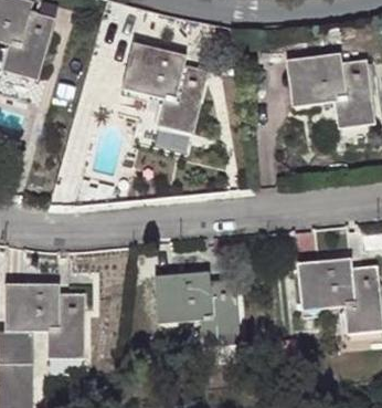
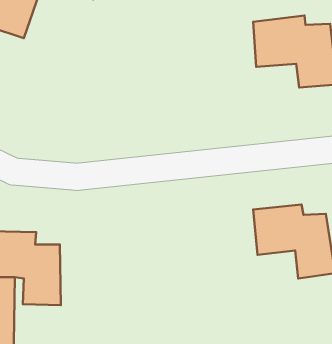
building: [123,44,212,136] -> none
building: [149,271,237,351] -> none

